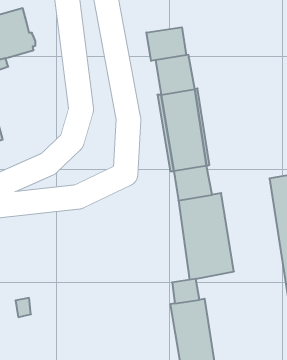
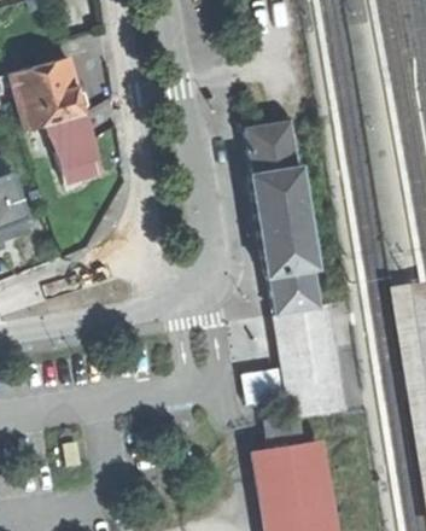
building: [146,27,186,61] -> none
building: none -> [49,113,100,181]

